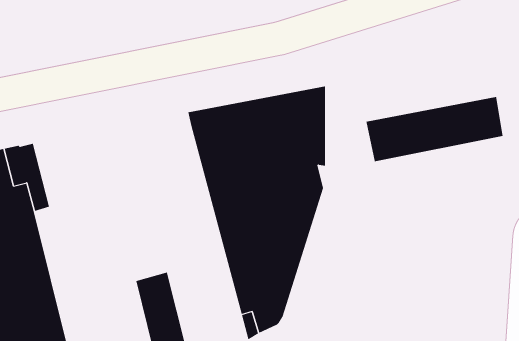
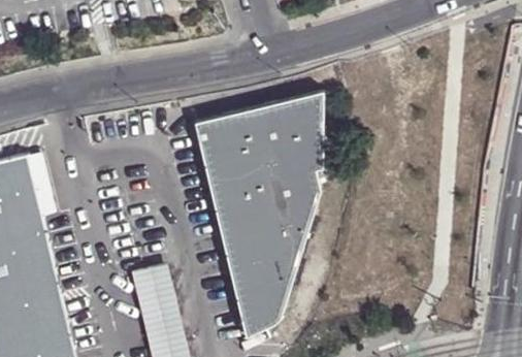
building: [366,96,503,162] -> none

